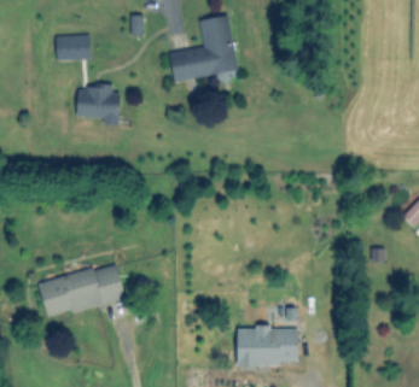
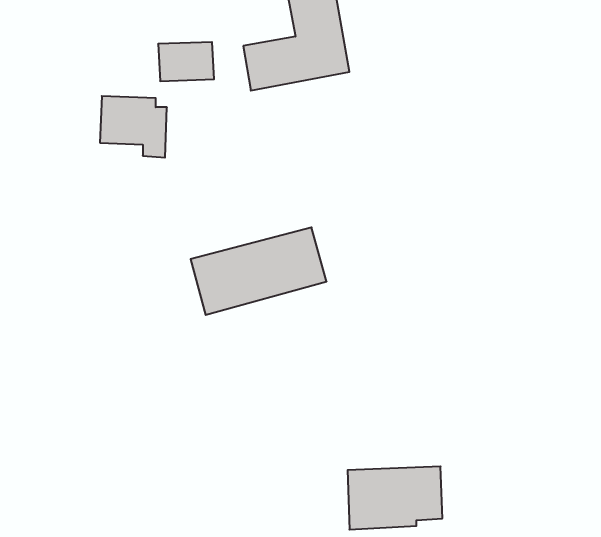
building: [56,36,92,61] -> [158,42,214,81]
building: [37,263,126,319] -> [191,227,327,315]

